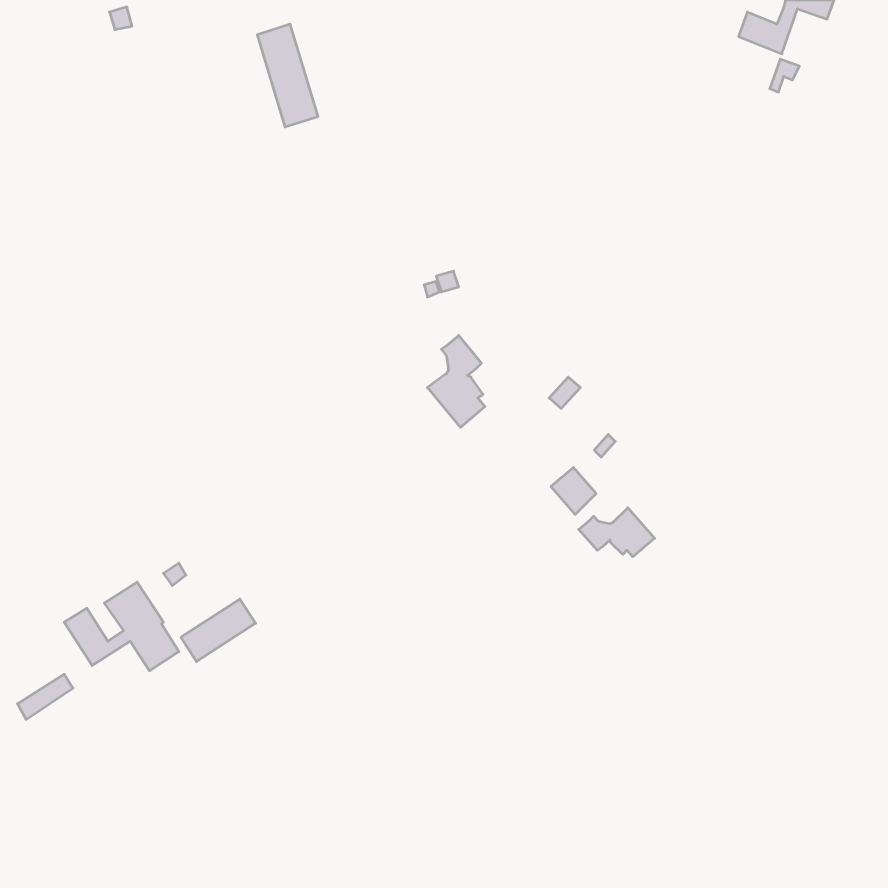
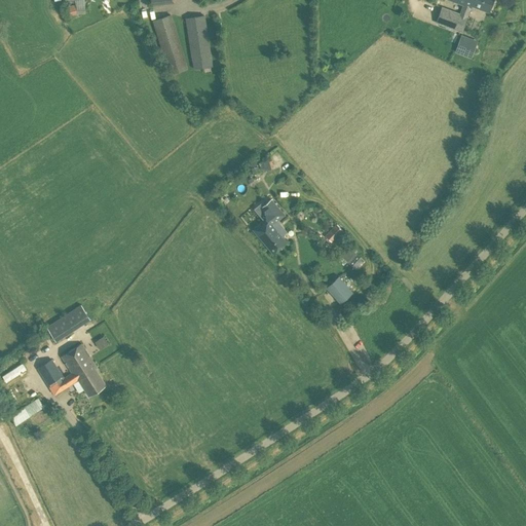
building: none -> [186,14,213,69]
building: [579,508,655,557] -> none
building: [181,599,256,662] -> [46,304,90,341]

